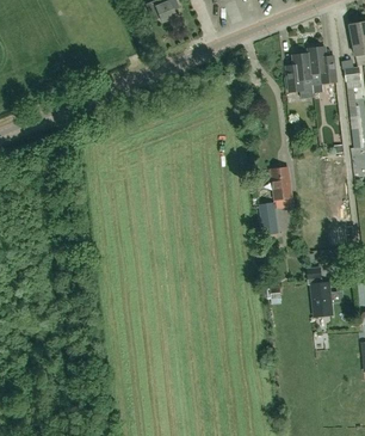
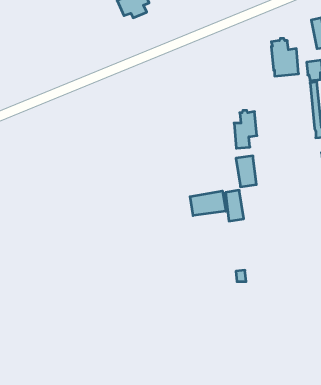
building: [285,50,309,90] -> [234,110,257,148]
building: none -> [190,191,226,216]
building: [305,266,332,315] -> none

